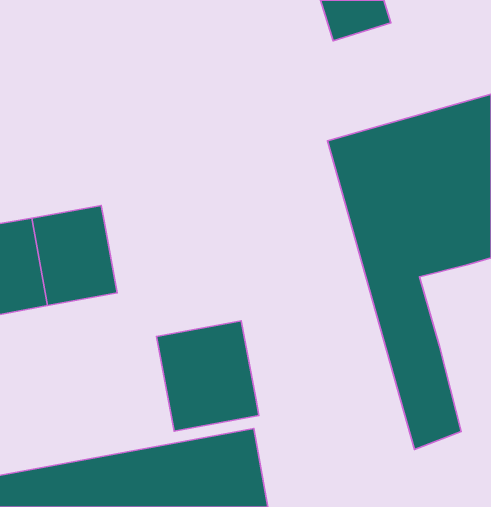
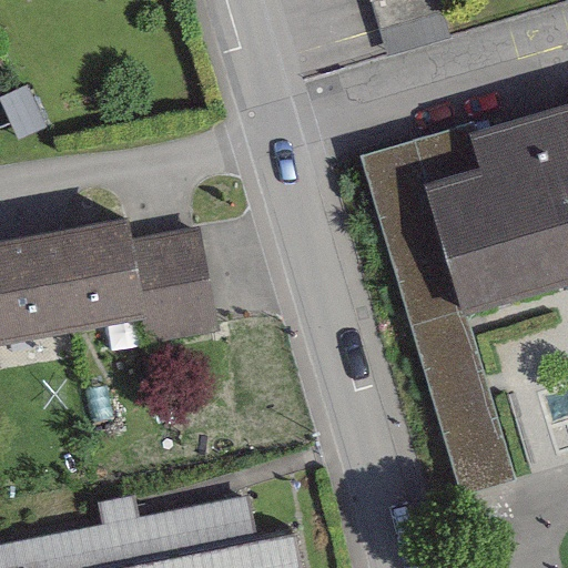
building: none -> [116,235,200,348]
building: [156,321,259,431] -> none

